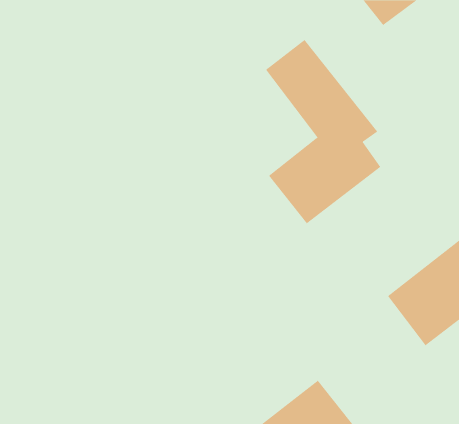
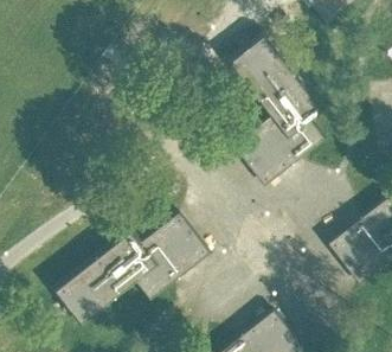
building: none -> [56,213,211,322]

